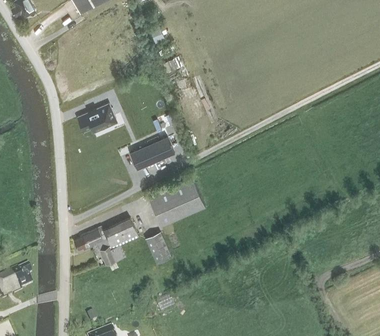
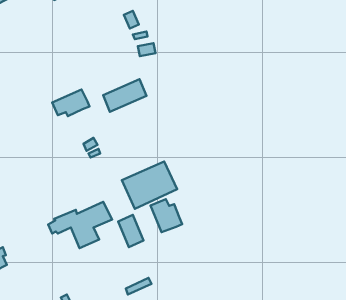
building: [130,135,174,168] -> [103,79,146,112]
building: none -> [150,199,182,232]

